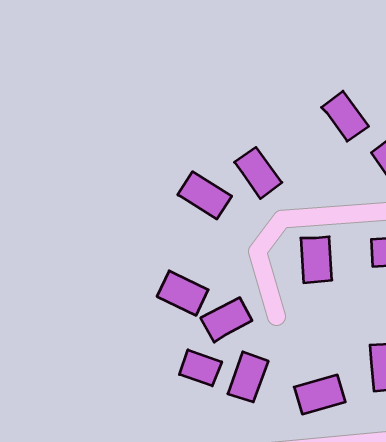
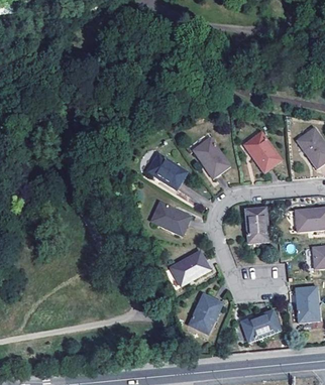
building: [321,91,369,141] -> [246,136,282,173]
building: [157,271,208,315] -> [156,205,195,238]
building: [179,350,222,386] -> none

